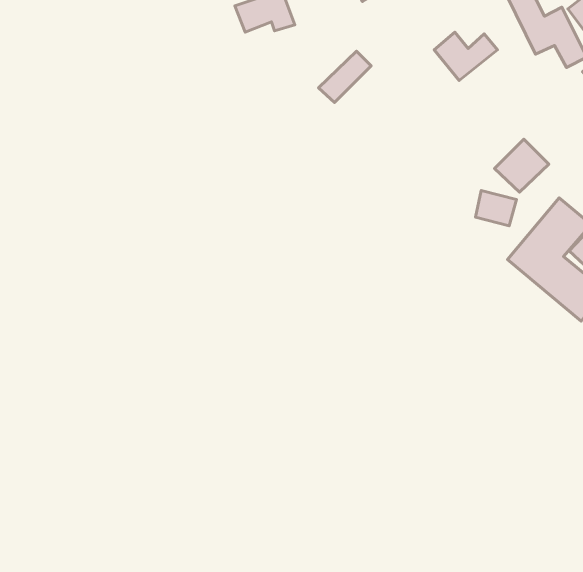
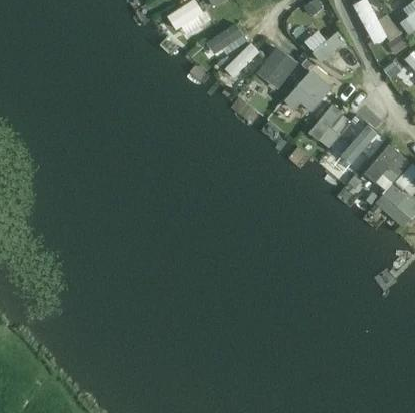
building: none -> [205,23,247,59]
building: none -> [256,47,298,90]
building: none -> [283,70,333,113]
building: none -> [308,105,351,147]

